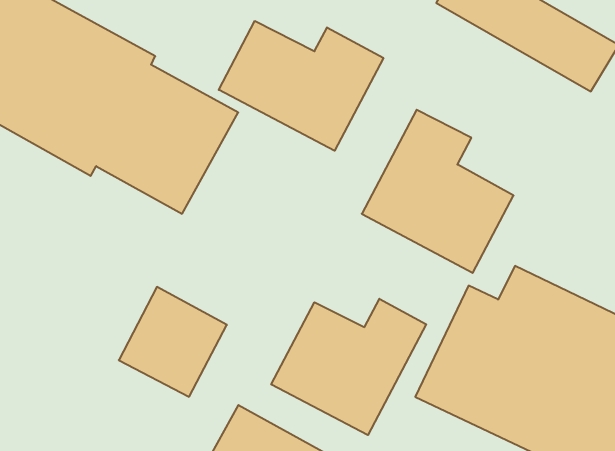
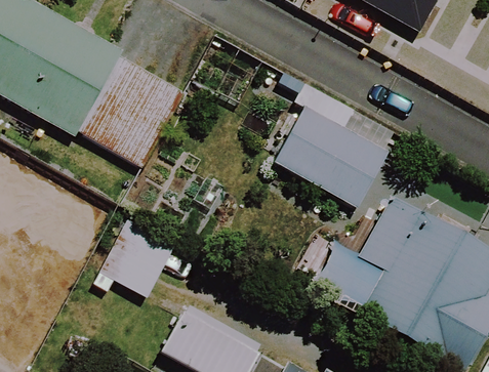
building: [219,21,383,151] -> none
building: [271,299,426,435] -> none

